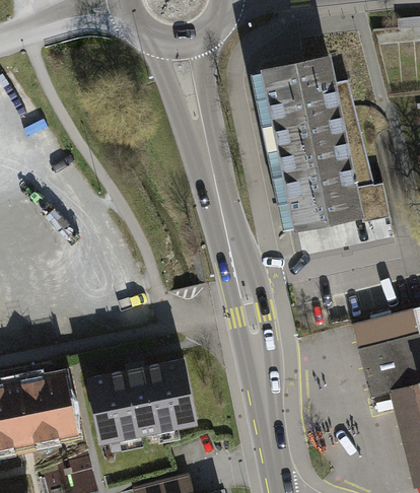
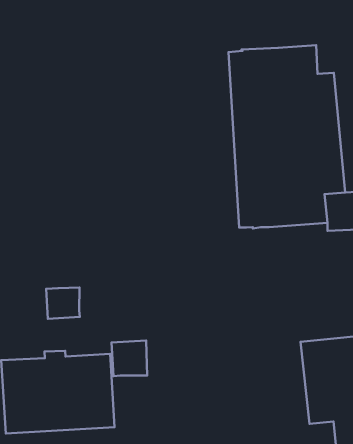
building: none -> [46,288,80,319]
building: none -> [111,340,147,376]

